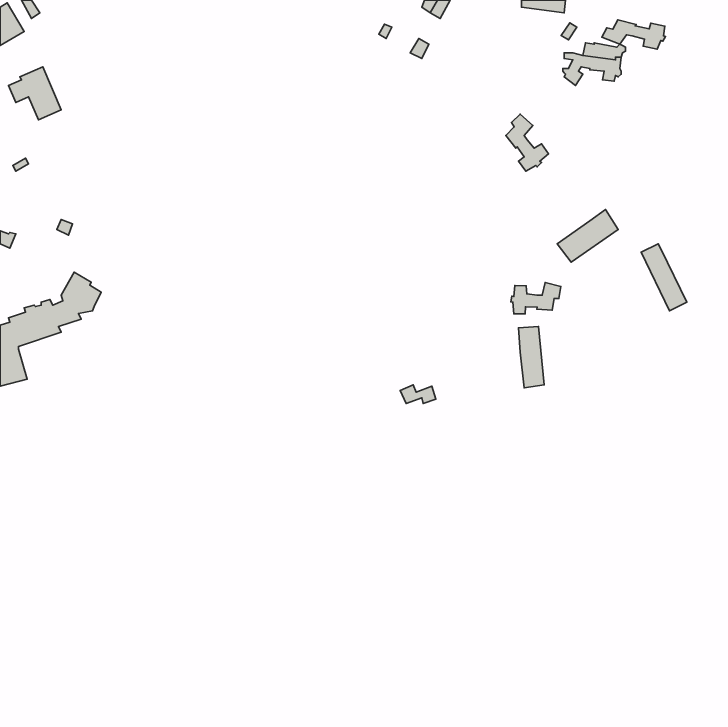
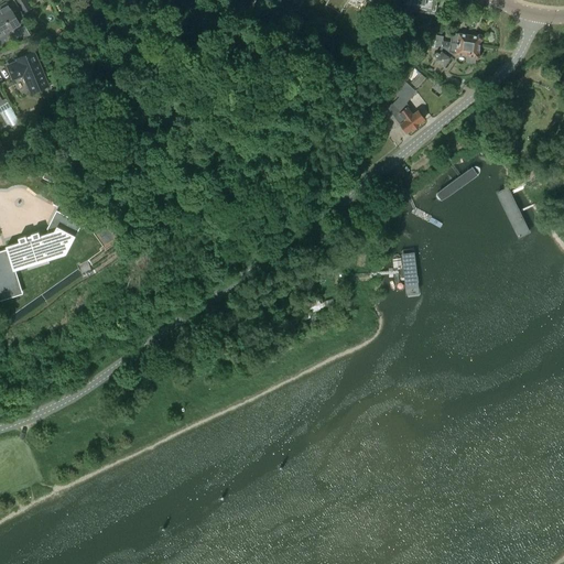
building: [602,20,666,49] -> none
building: [511,282,561,314] -> none

